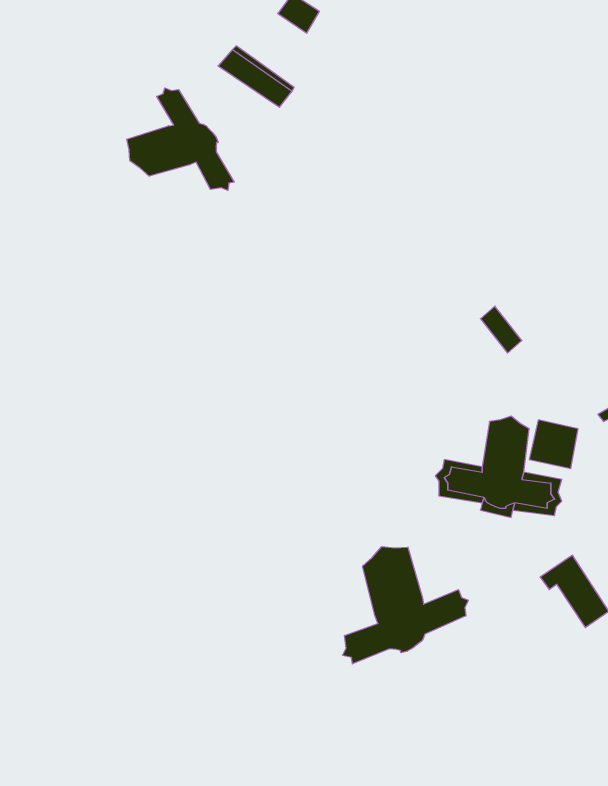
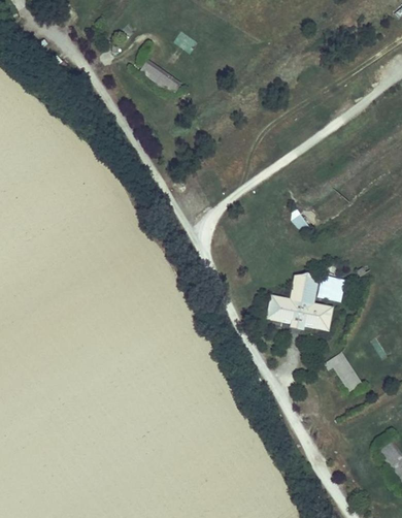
building: [127,88,234,190] -> none
building: [343,547,468,664] -> none

